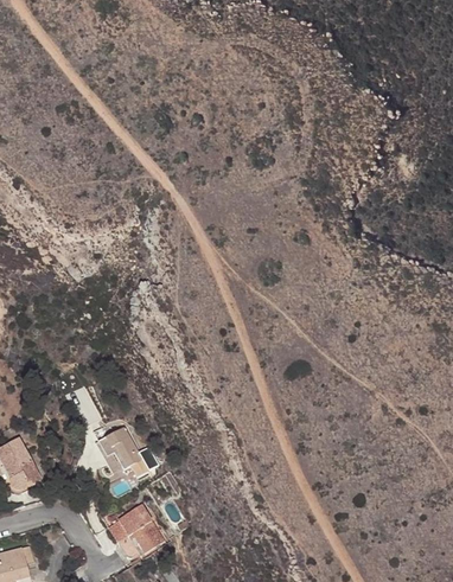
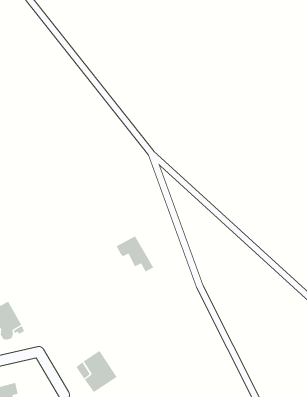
building: [98,427,149,475] -> [116,235,154,272]

